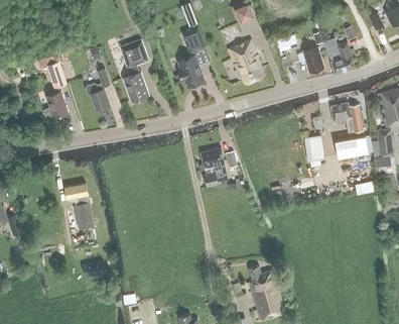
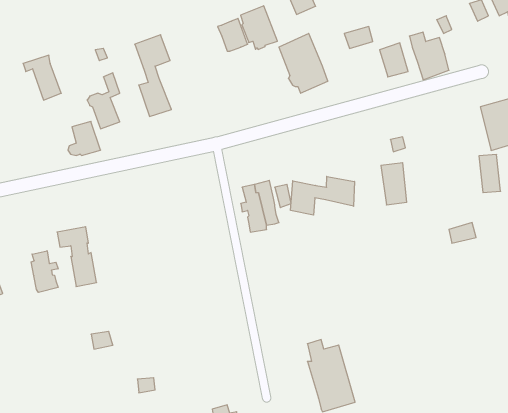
building: [176,55,204,87] -> [241,6,277,49]
building: [43,92,68,117] -> [68,121,101,155]
building: [330,103,363,133] -> none
building: [334,137,367,158] -> none
building: none -> [291,176,354,215]
building: none -> [31,251,58,292]

